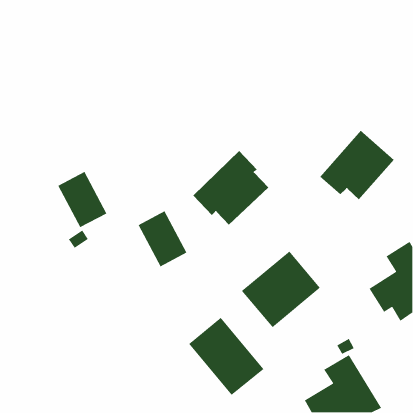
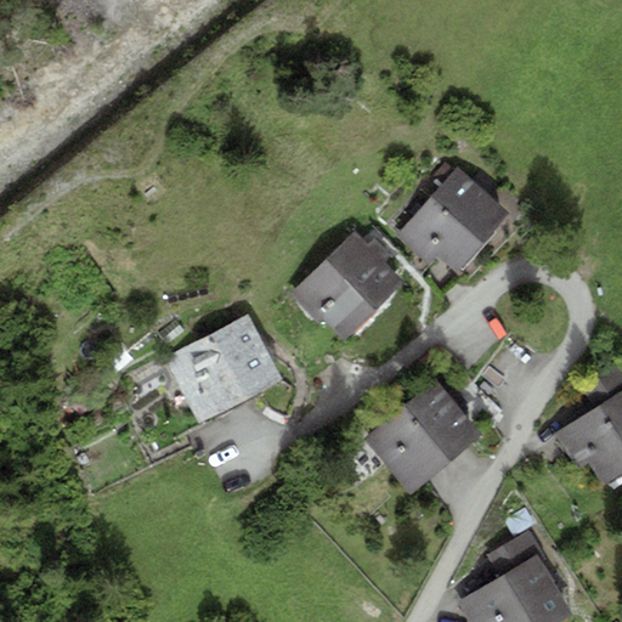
building: [319,130,394,200] -> [396,166,509,272]
building: [57,171,107,228] -> [165,338,241,424]
building: [188,317,264,396] -> none

